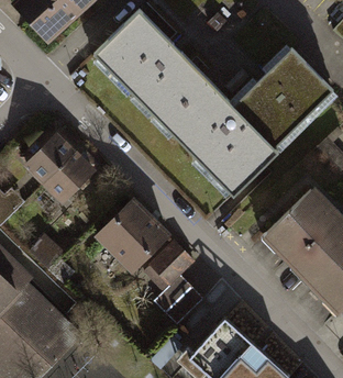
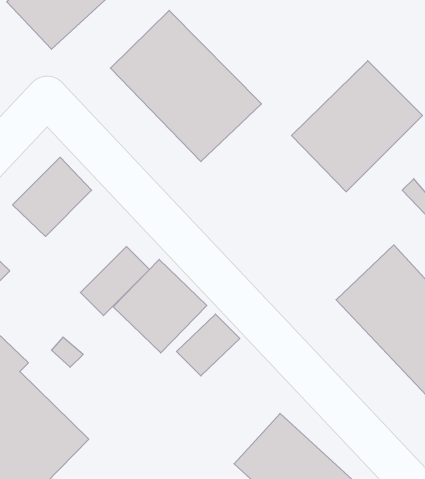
building: [164,82,278,197] -> none
building: [45,148,98,201] -> [80,247,149,316]
building: [154,279,201,326] -> none

